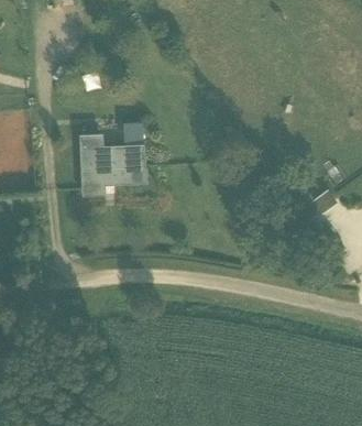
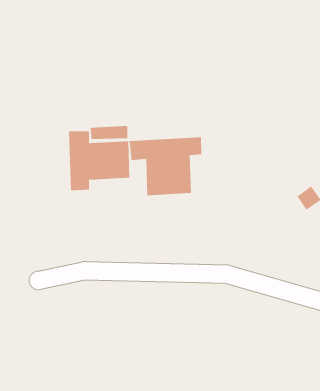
building: none -> [129,136,202,196]

